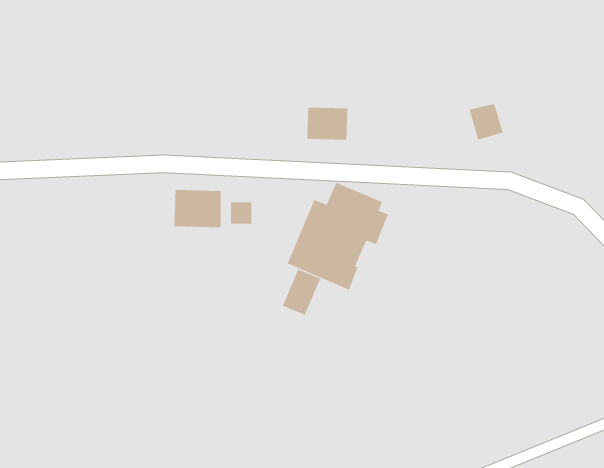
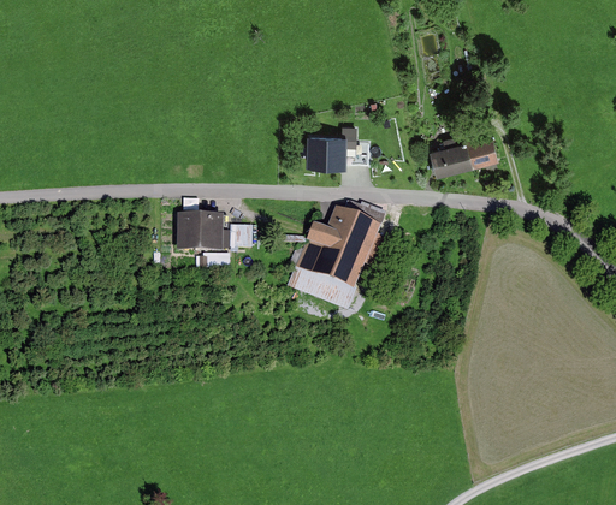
building: none -> [430,135,474,174]
building: [282,269,321,315] -> none

